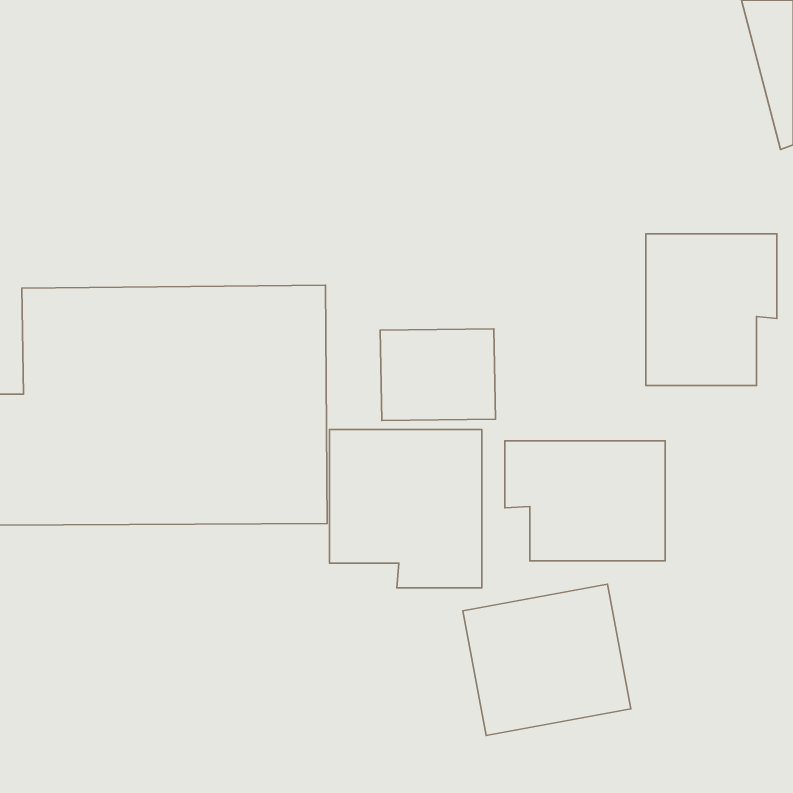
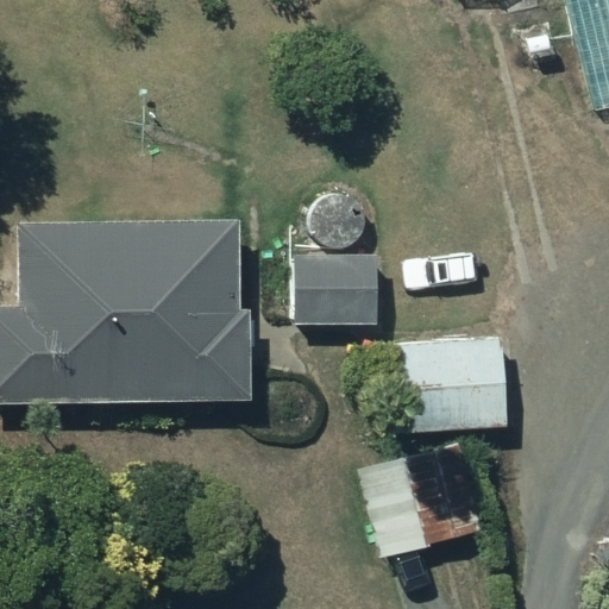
building: [646,234,777,386] -> none
building: [330,429,482,588] -> none

